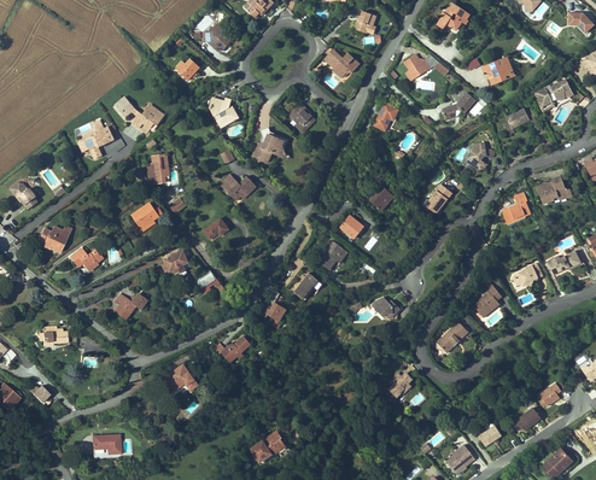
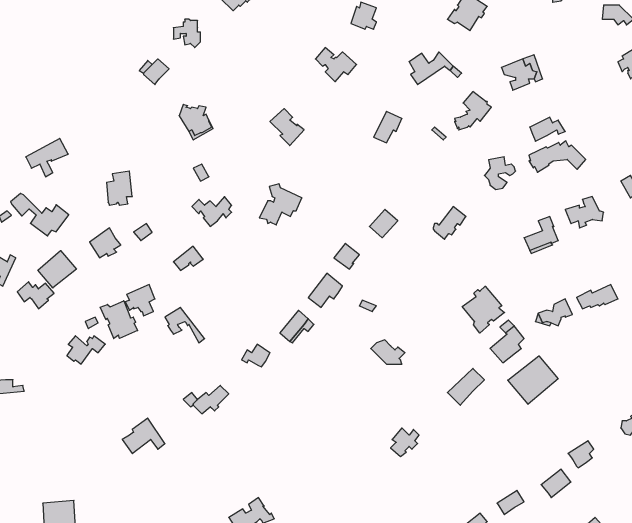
building: [536,81,584,107] -> [529,141,586,172]
building: [116,98,165,134] -> [11,193,69,236]
building: [252,128,288,163] -> [259,184,302,225]
building: none -> [38,251,76,288]
building: none -> [462,286,505,333]
building: none -> [100,301,138,339]
building: none -> [508,356,558,404]

